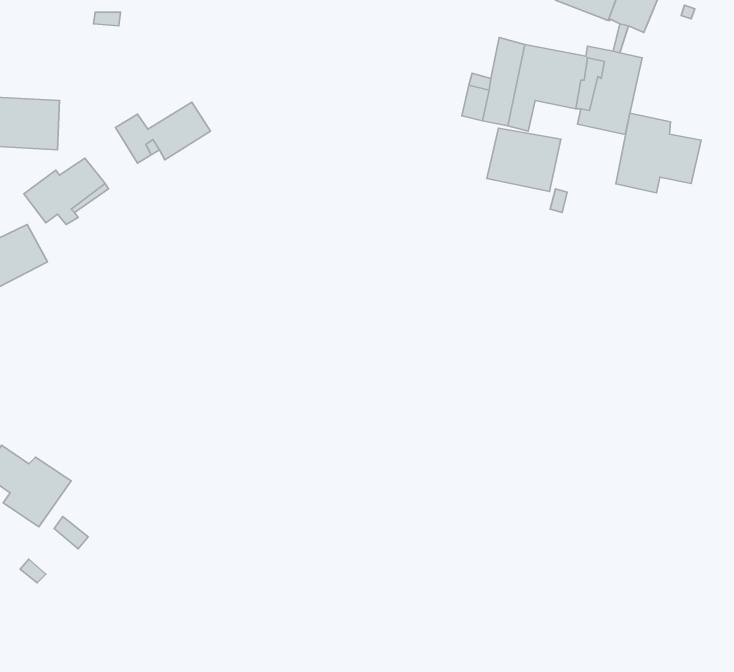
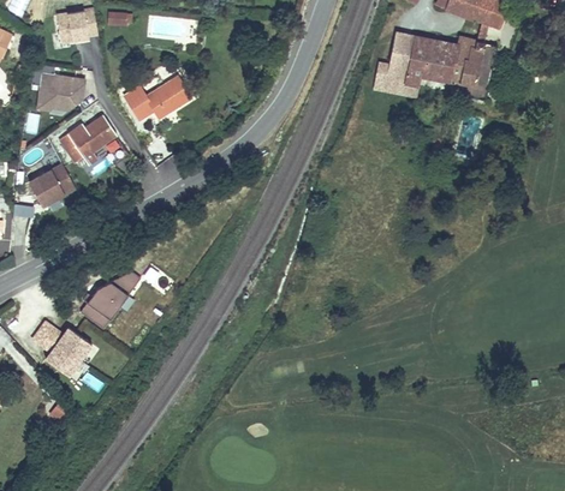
building: none -> [58,11,95,41]
building: [616,113,701,193] -> none
building: [487,128,561,192] -> none
building: none -> [79,273,141,329]

